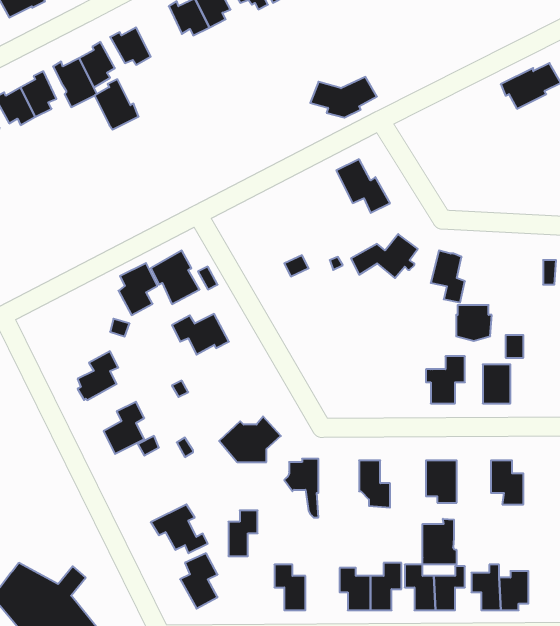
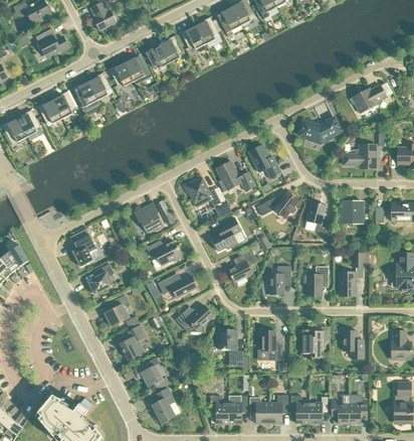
building: [310,77,377,118] -> [298,118,340,143]
building: [95,79,139,130] -> [124,52,151,84]
building: none -> [343,144,375,167]
building: none -> [215,160,254,190]
building: none -> [183,176,220,206]
building: [118,263,157,315] -> [71,234,95,266]
building: none -> [210,217,240,251]
building: [456,305,492,341] -> [341,200,363,223]
building: none -> [227,250,256,285]
building: none -> [268,265,289,295]
building: none -> [157,274,197,298]
building: none -> [120,324,145,358]
building: [228,510,258,556] -> [228,395,246,423]
building: [423,519,456,565] -> none

